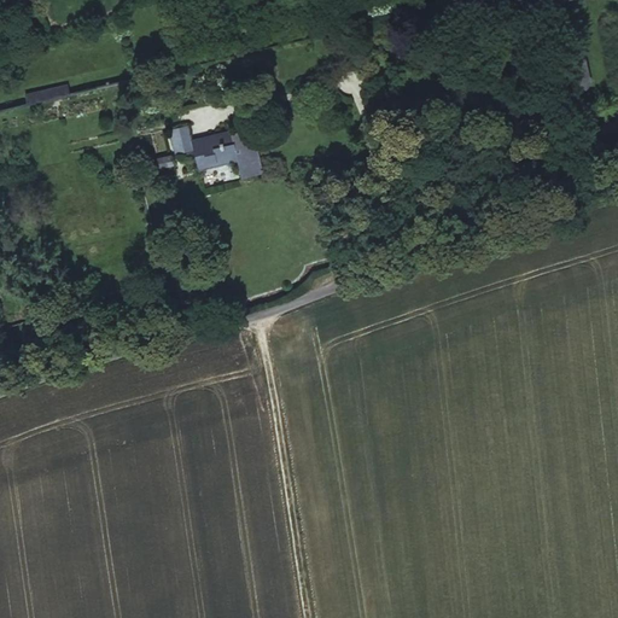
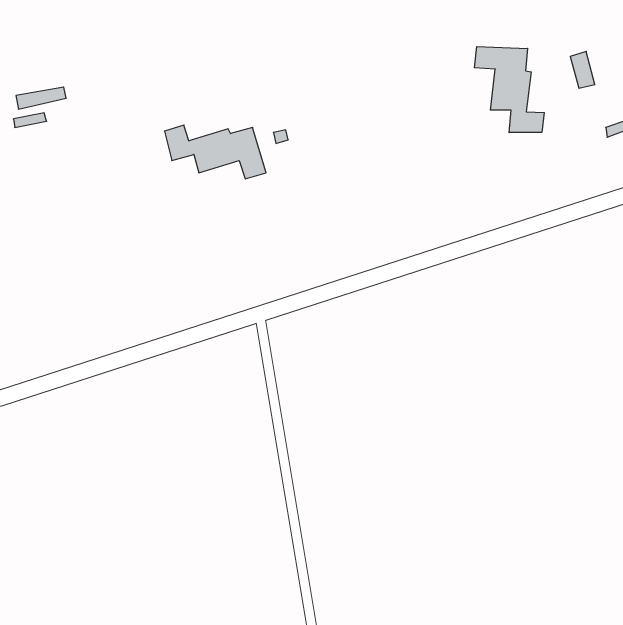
building: none -> [474,47,544,133]

